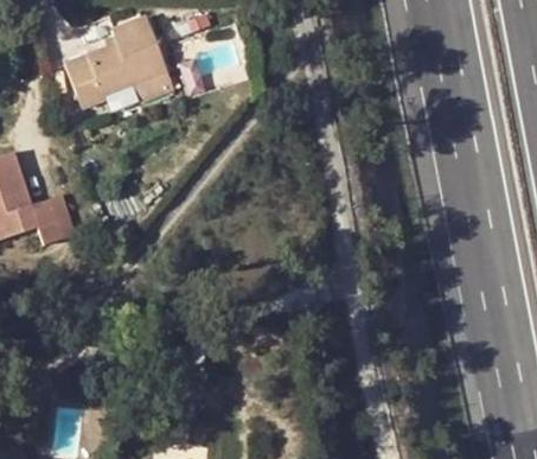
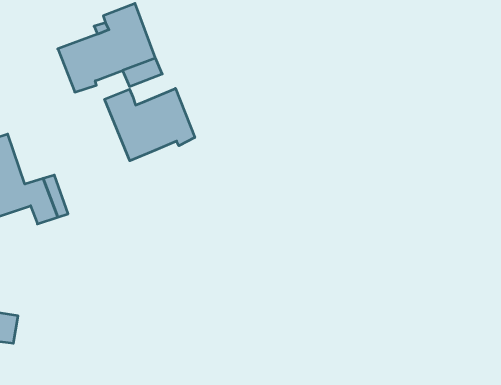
building: none -> [105,88,195,161]

